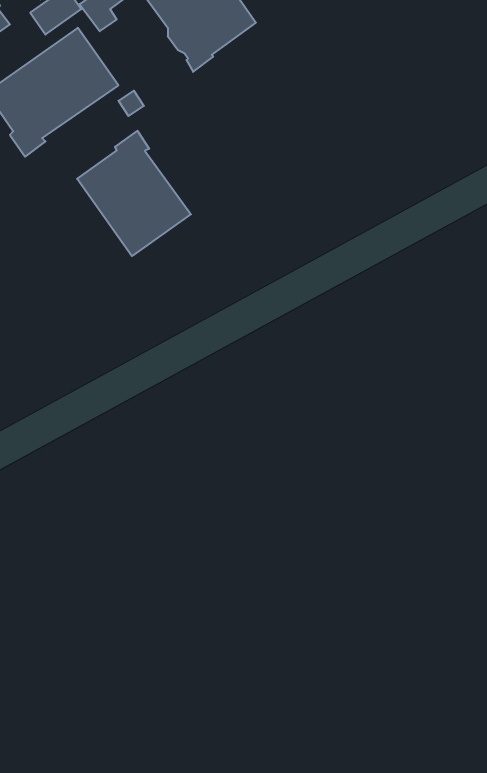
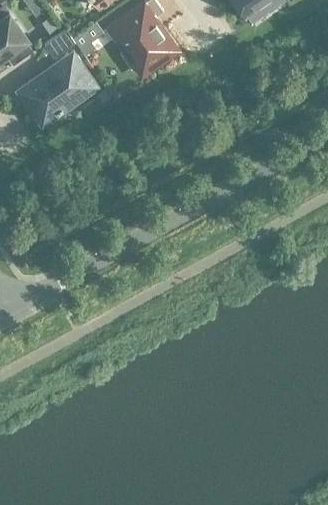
building: [77,131,191,256] -> none

